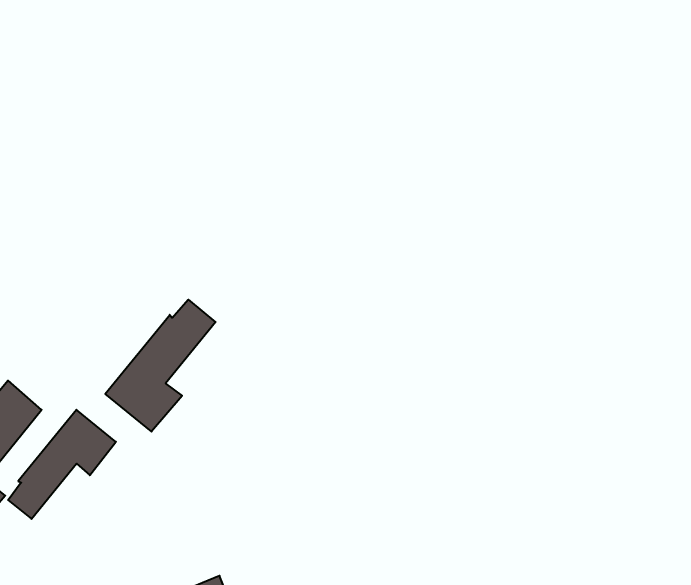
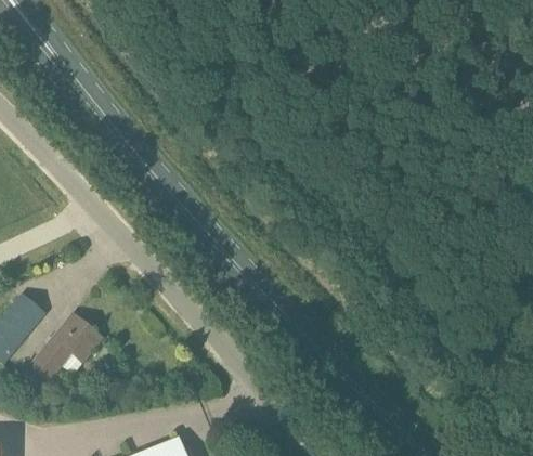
building: [105,300,216,432] -> none

